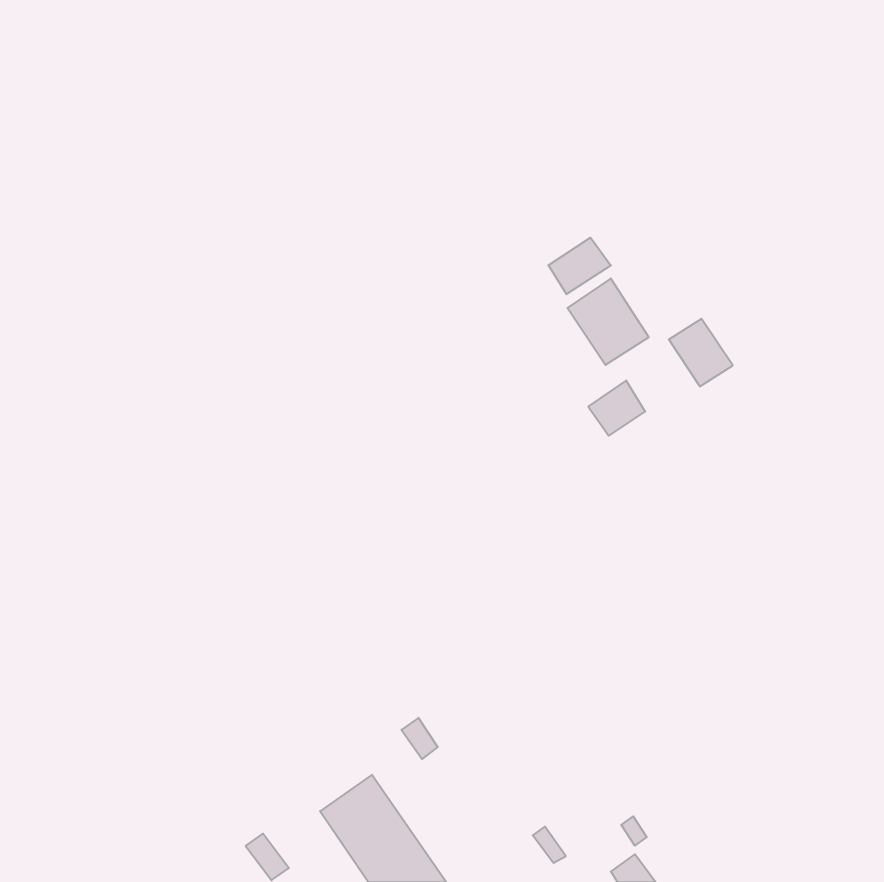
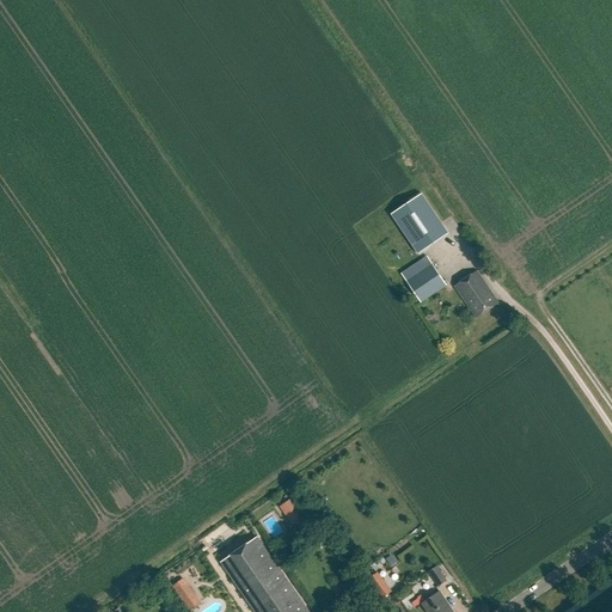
building: [548,238,611,294] -> none
building: [669,319,733,386] -> [454,270,498,317]

